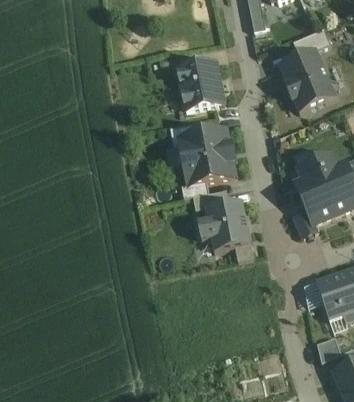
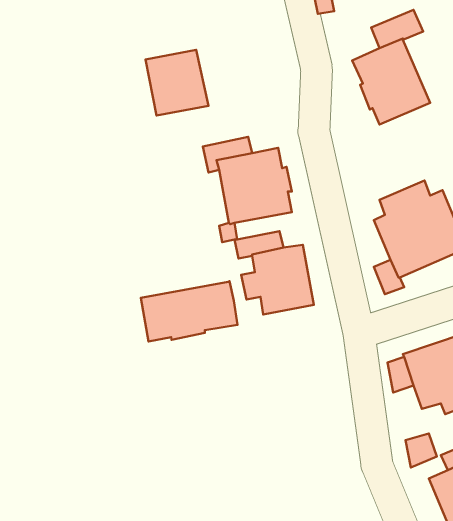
building: [177,61,223,109] -> [145,50,208,115]
building: none -> [141,281,237,342]

